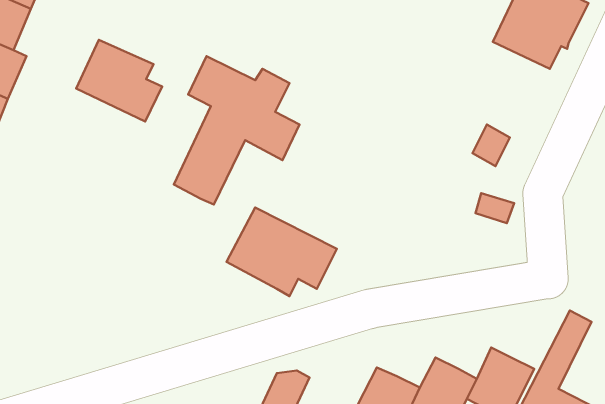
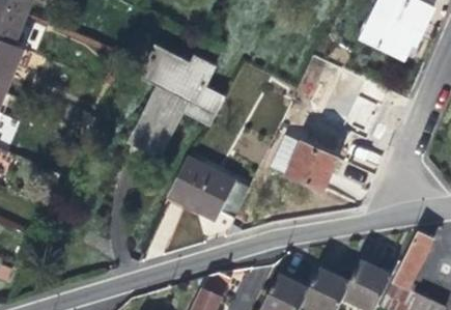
building: [76,40,162,121] -> none
building: none -> [270,135,338,192]

